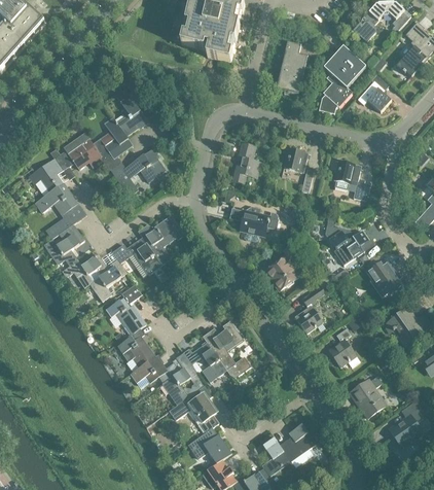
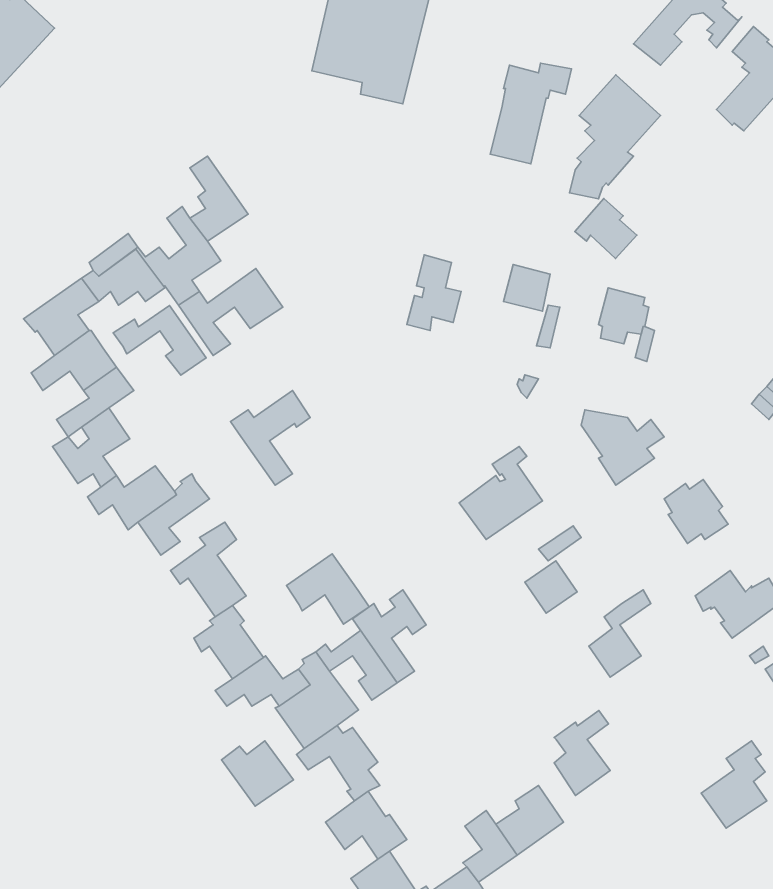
building: [358,80,391,112] -> [575,198,637,258]
building: [228,205,278,234] -> none
building: [112,237,161,274] -> [113,306,206,375]
building: none -> [287,554,369,624]
building: [356,373,386,418] -> [554,710,610,796]
building: none -> [221,741,293,806]

